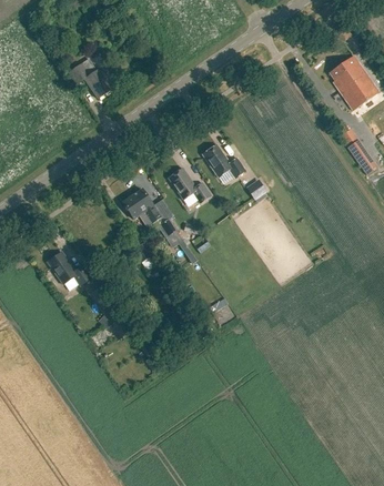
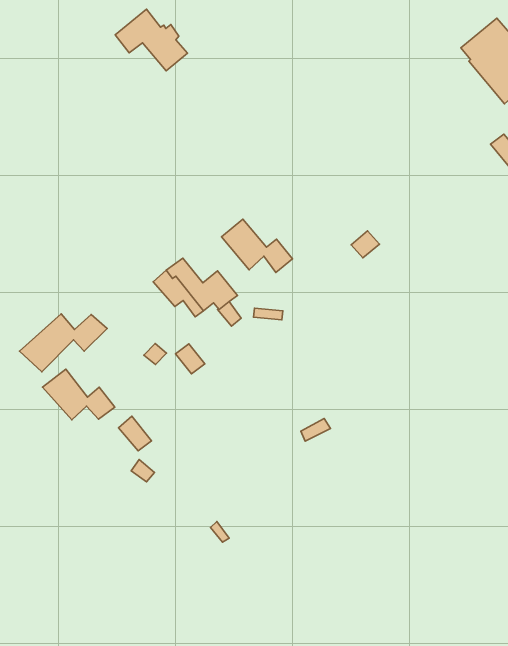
building: [68,58,112,98] -> [115,9,188,71]
building: [202,143,246,178] -> none
building: none -> [20,314,107,372]

